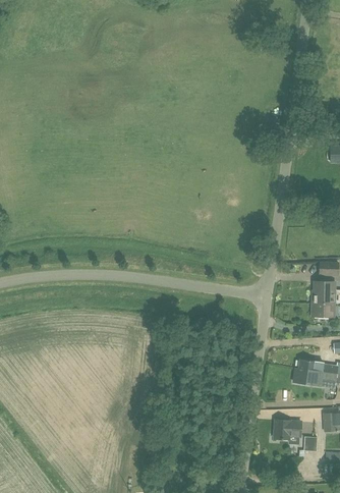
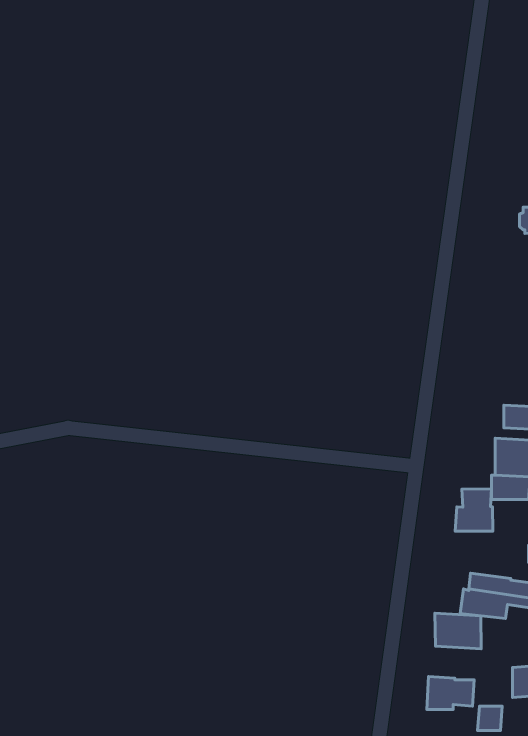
building: none -> [455,489,493,531]
building: none -> [435,613,481,649]

